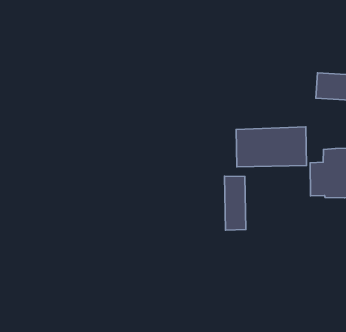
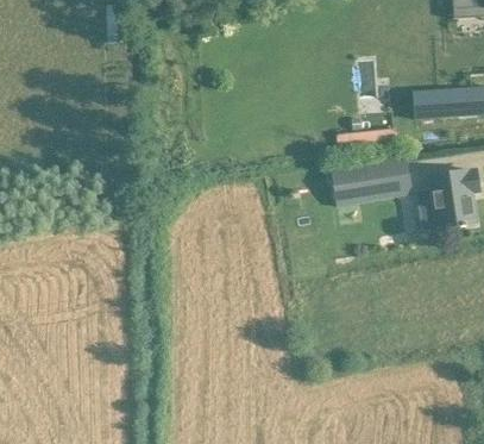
building: [224,176,246,230] -> none

